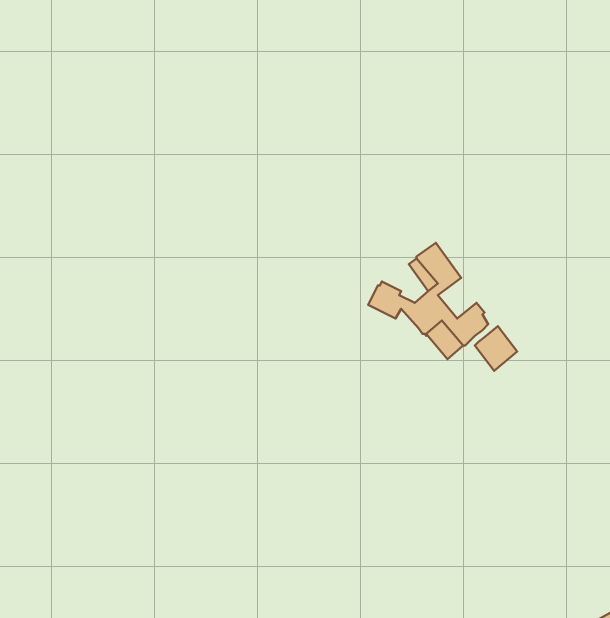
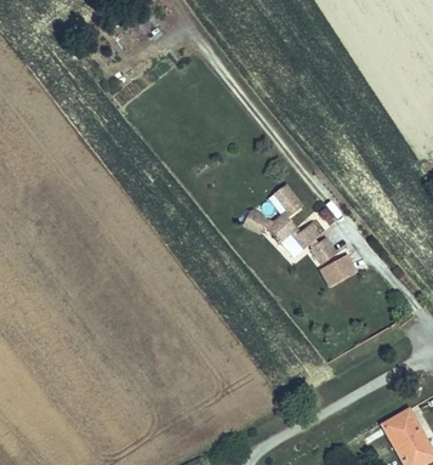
building: none -> [320,254,357,288]

